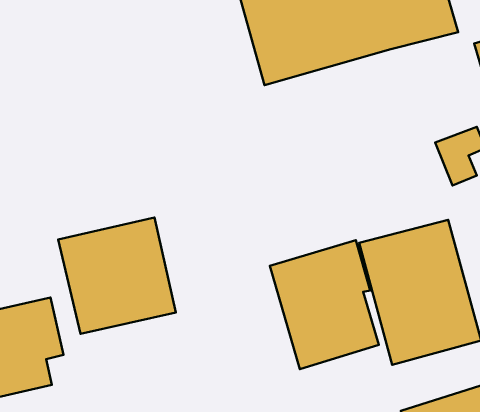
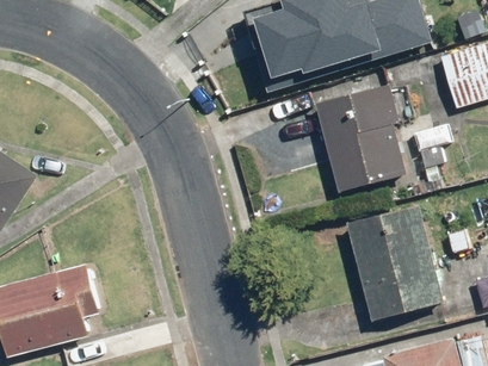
building: [58,217,176,334] -> none
building: [270,240,379,369] -> [315,82,406,190]

